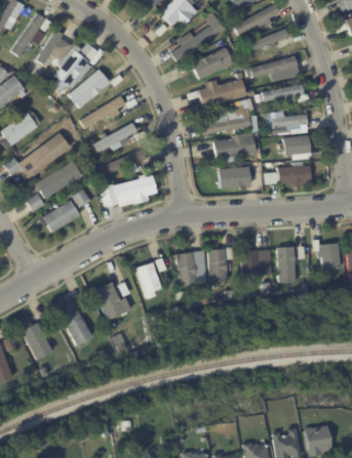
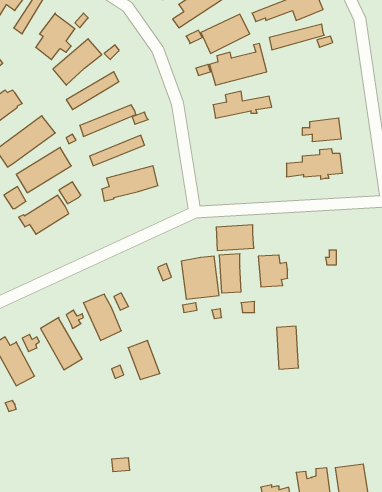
building: [263,84,309,102] -> none
building: [270,113,309,134] -> none
building: [214,135,258,159] -> none
building: [220,166,251,188] -> [216,225,254,250]
building: [313,240,341,269] -> none
building: [278,247,297,283] -> [277,326,299,369]
building: [136,262,163,295] -> [128,340,160,380]

